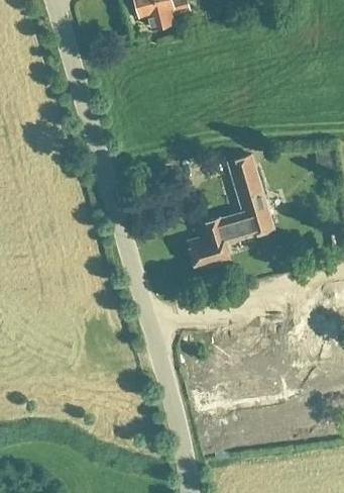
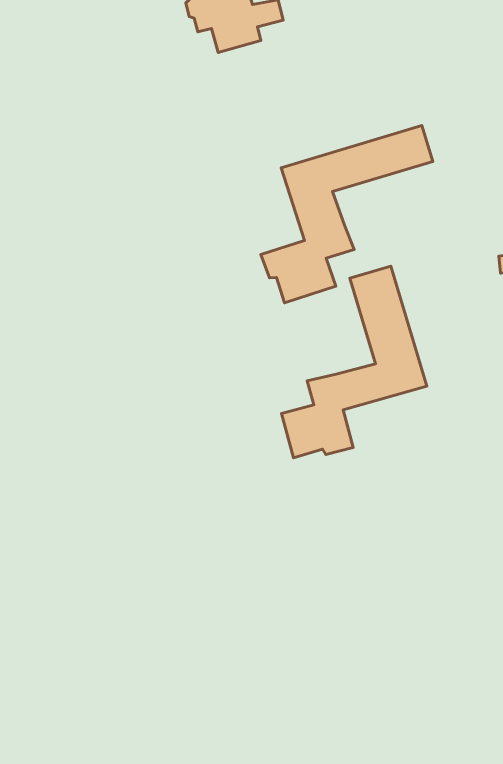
building: none -> [261,126,433,303]

